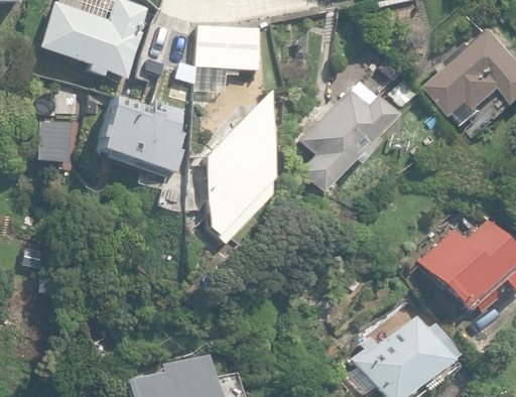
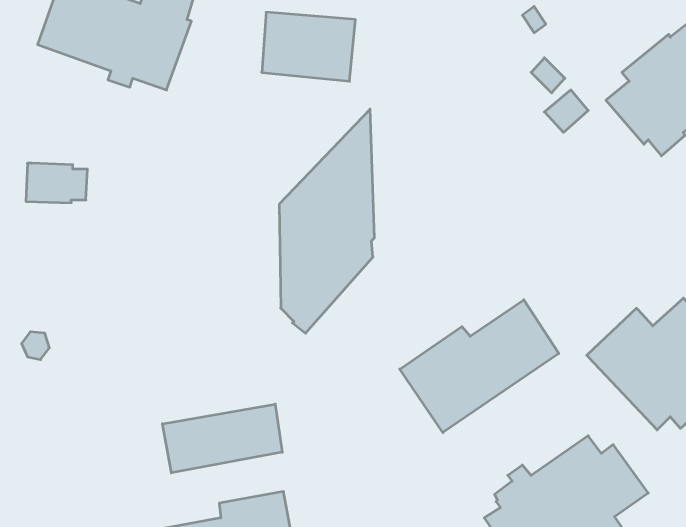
building: [299,84,397,192] -> none
building: [108,100,168,158] -> none
building: none -> [400,300,559,433]
building: none -> [162,404,282,473]

